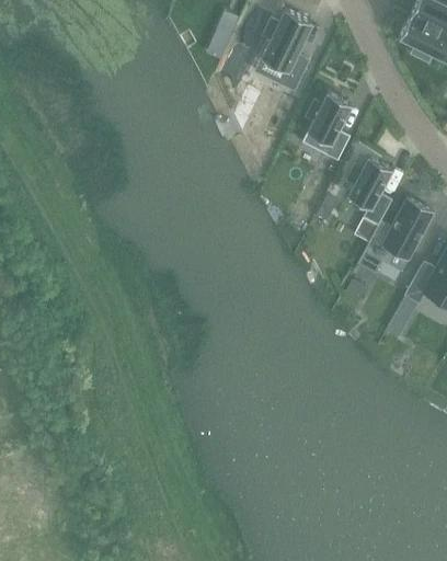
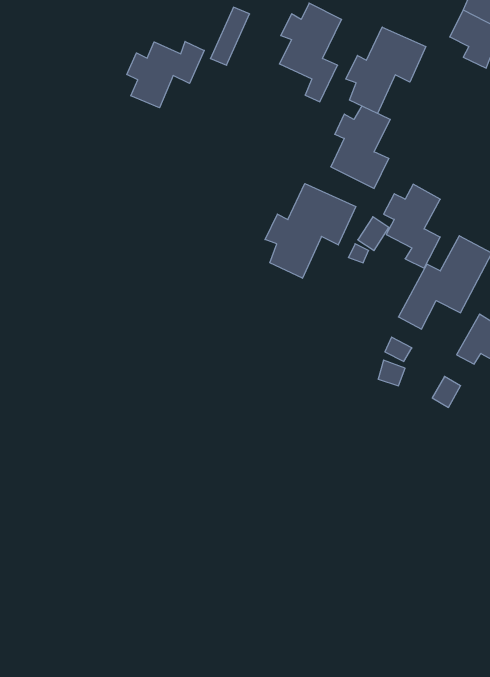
building: none -> [346,27,426,113]
building: none -> [127,41,204,108]
building: none -> [265,184,356,278]

